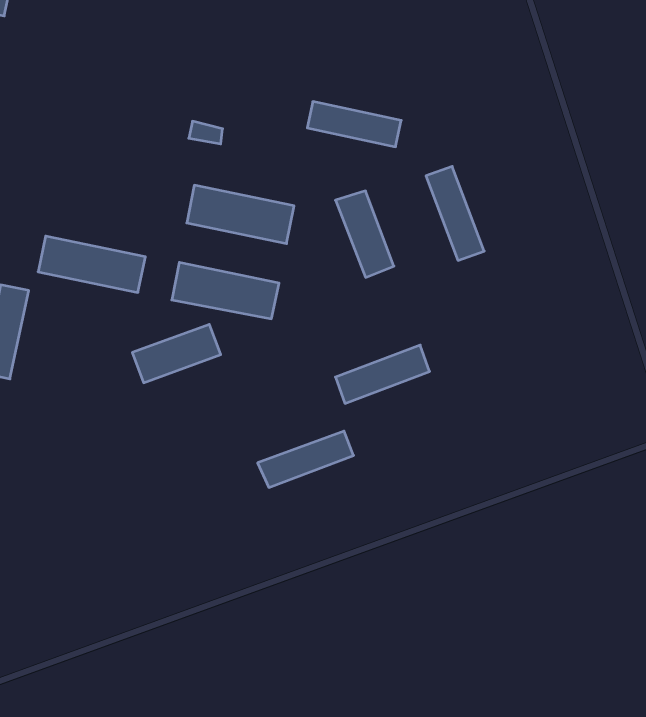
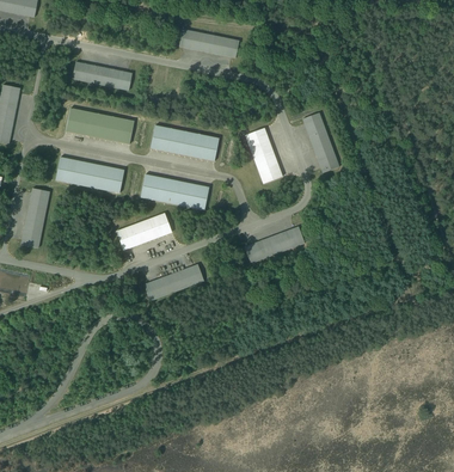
building: none -> [70,61,131,90]
building: [307,102,401,147] -> [178,29,238,57]
building: none -> [65,108,133,143]
building: [258,431,354,487] -> [142,264,203,300]

